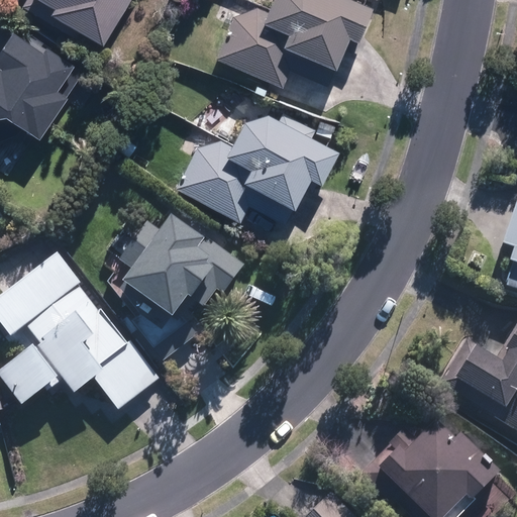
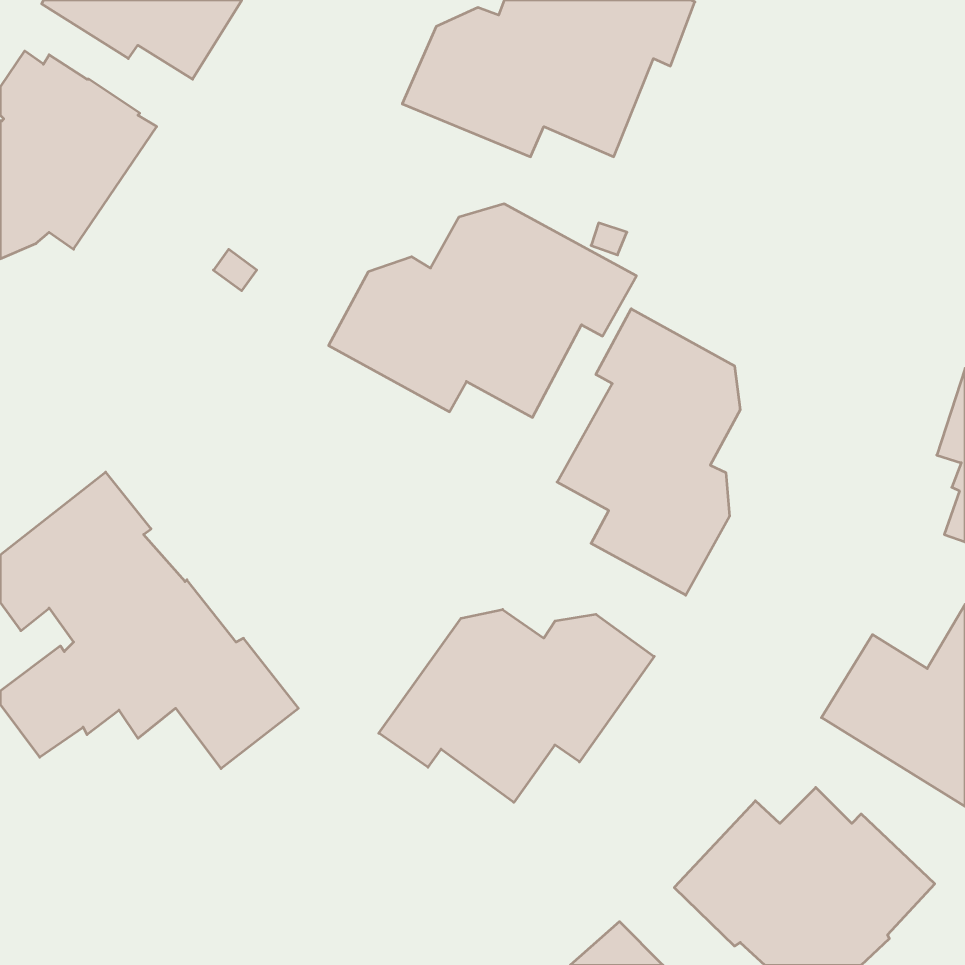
building: none -> [557,309,740,595]
building: [119,207,244,360] -> none
building: none -> [379,609,654,802]

